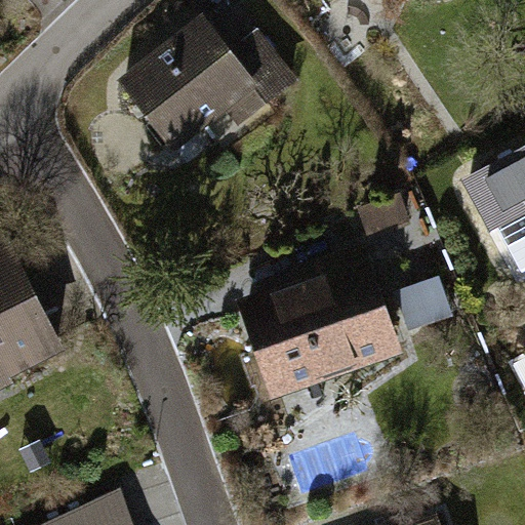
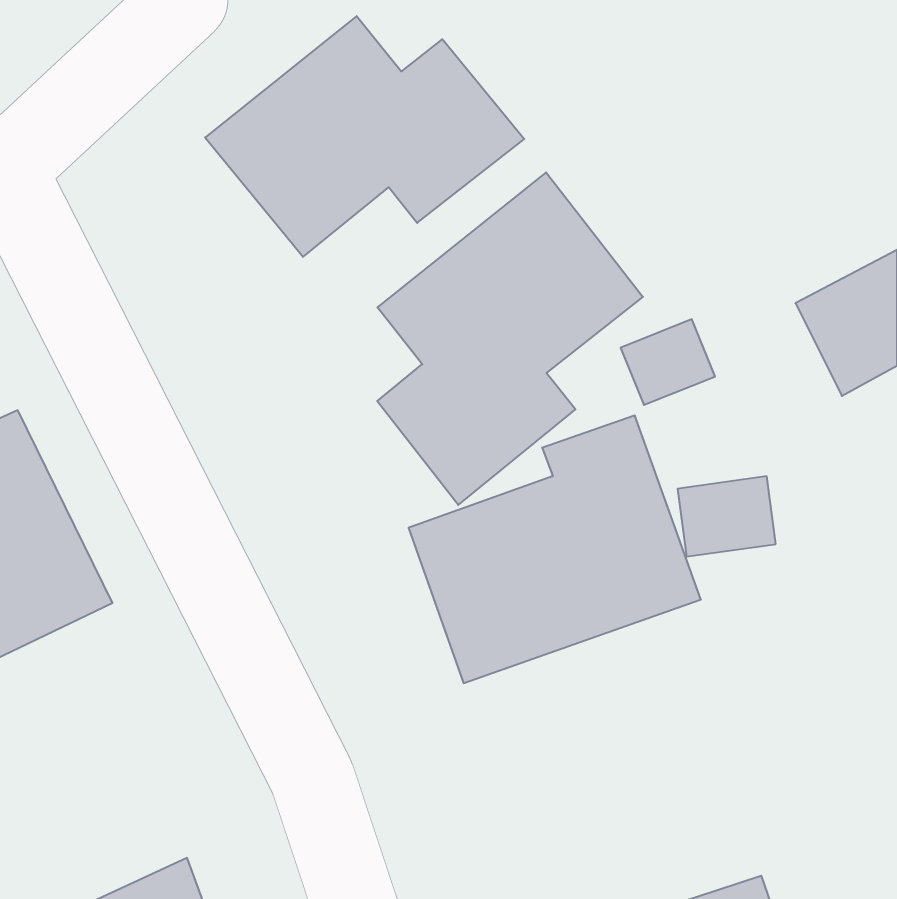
building: none -> [377,172,643,505]

